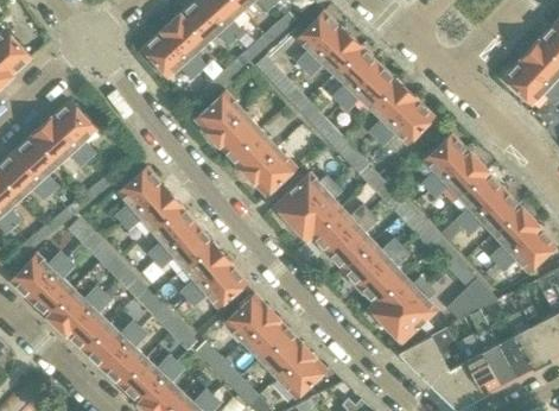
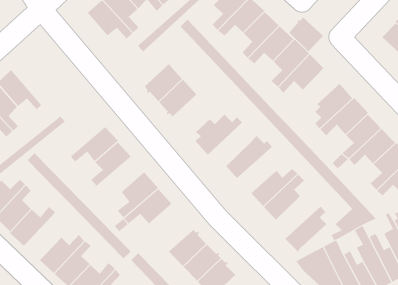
building: none -> [288,16,324,52]
building: [195,91,243,139] -> none
building: [51,102,96,162] -> none
building: [247,148,296,195] -> none
building: [114,167,165,225] -> none
building: [291,183,343,241] -> none
building: [326,213,377,270] -> none
building: [154,225,212,270] -> none
building: [368,273,428,325] -> none
building: [66,293,112,352] -> none
building: [224,295,273,341] -> none

